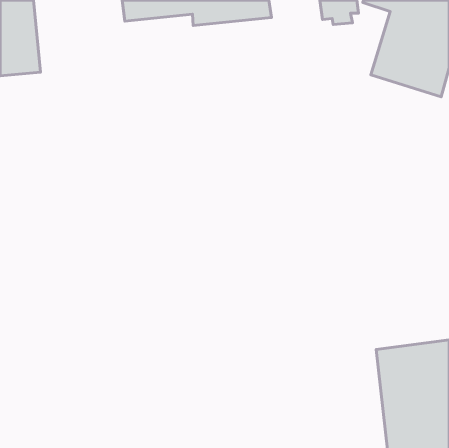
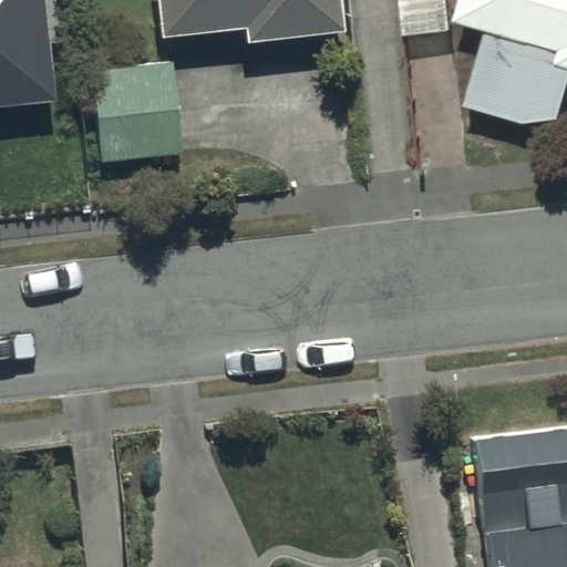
building: none -> [90,56,178,157]

